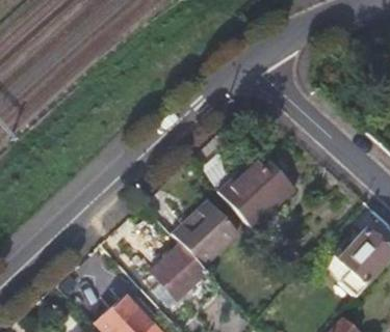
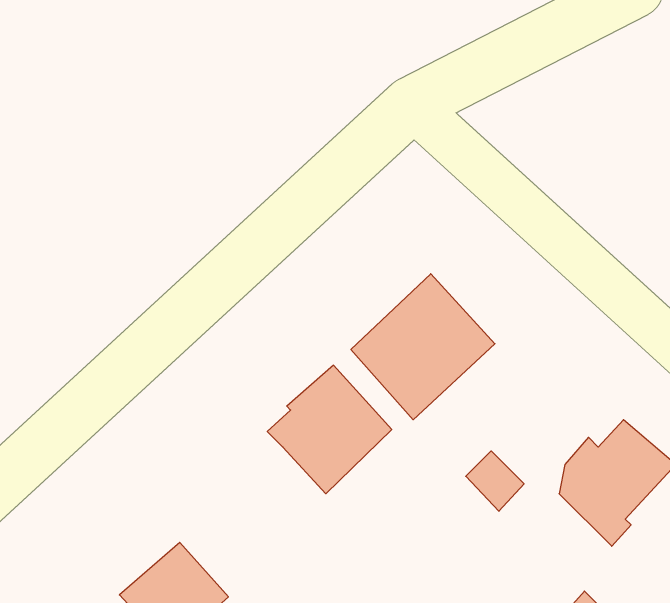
building: [152,243,208,299] -> none

